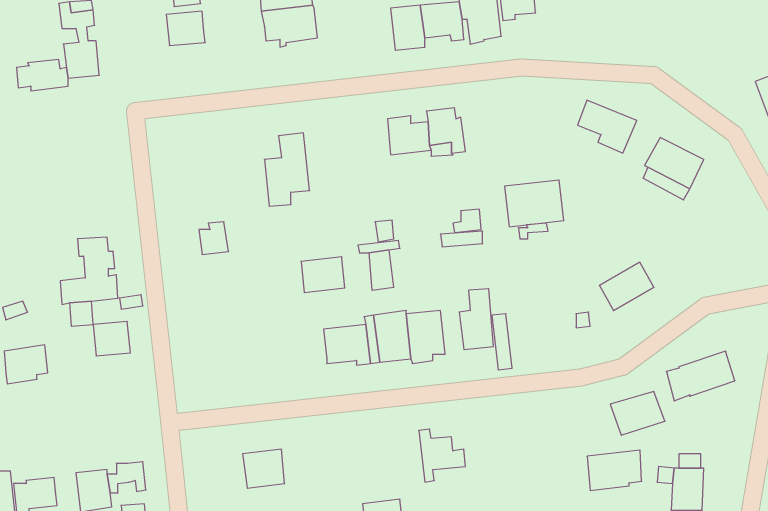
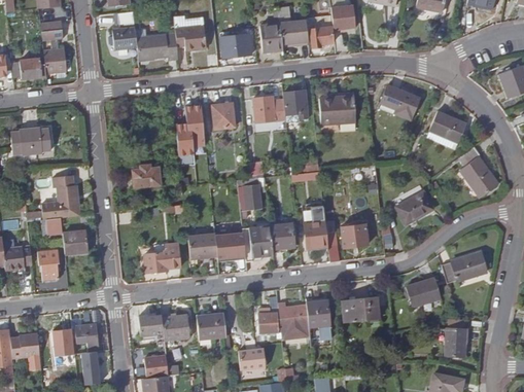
building: none -> [220,33,250,56]
building: none -> [136,34,178,62]
building: none -> [212,102,236,128]
building: none -> [11,127,51,154]
building: [505,180,564,227] -> [319,94,358,124]
building: none -> [460,145,498,197]
building: [301,257,345,293] -> [188,235,217,258]
building: none -> [341,224,368,248]
building: none -> [146,243,181,272]
building: none -> [37,249,60,280]
building: none -> [258,297,279,334]
building: none -> [307,298,330,336]
building: none -> [197,314,226,337]
building: none -> [138,315,164,335]
building: [587,450,642,491] -> [342,295,378,322]

